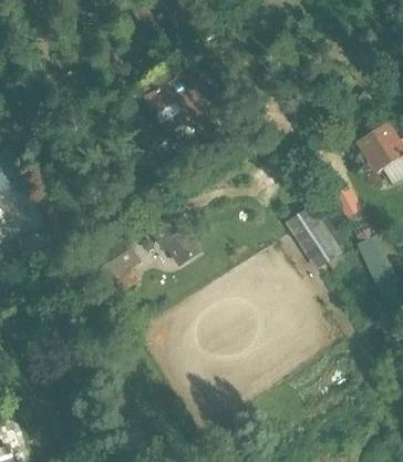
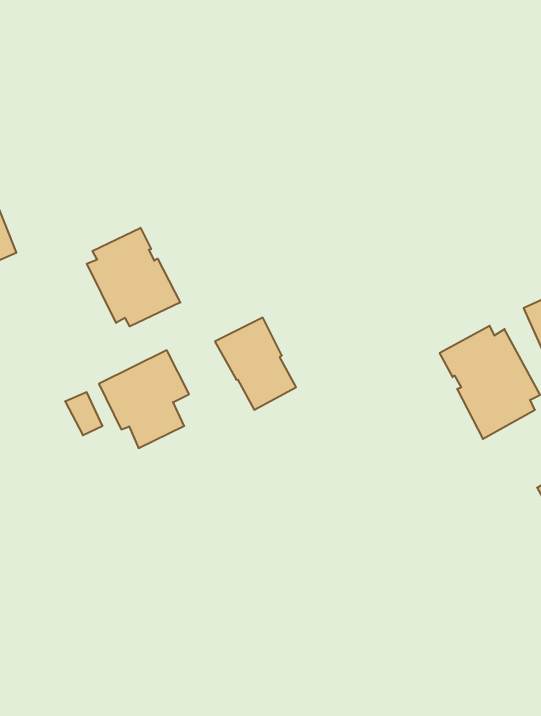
building: [142,71,206,123] -> none
building: none -> [87,228,180,326]

